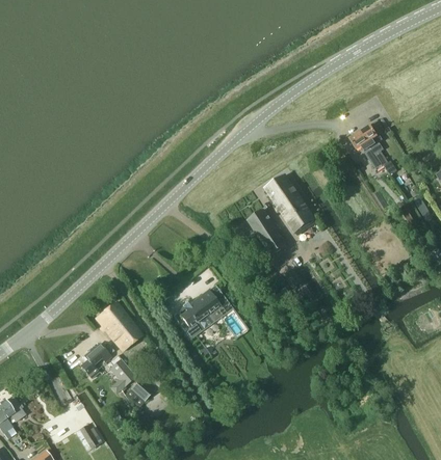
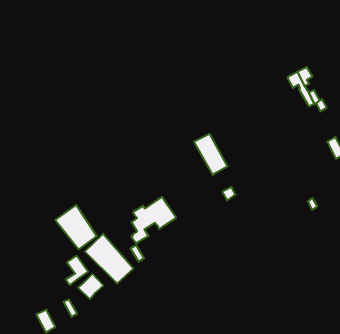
building: [264,173,315,233] -> none
building: none -> [85,234,134,284]
building: [81,343,110,377] -> none

